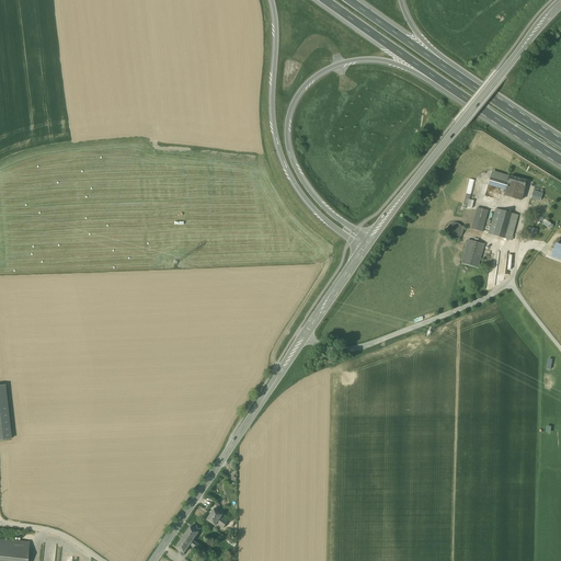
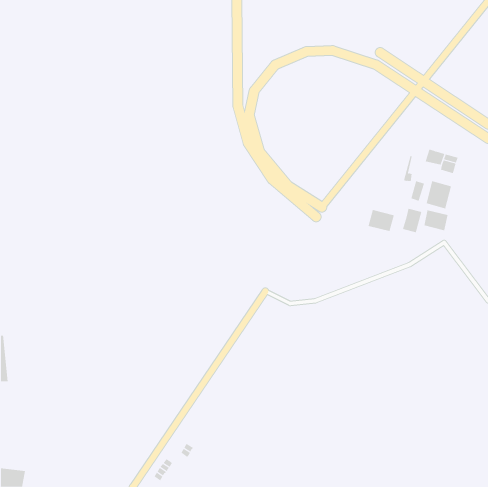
building: none -> [368,209,394,232]
building: none -> [424,209,448,231]

